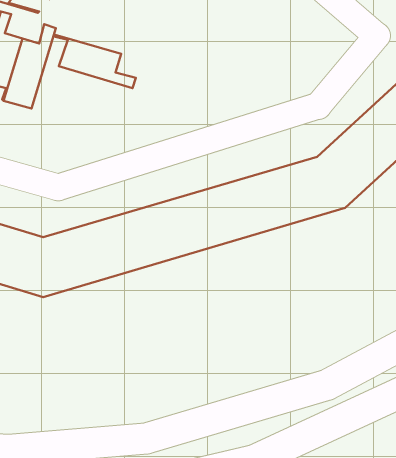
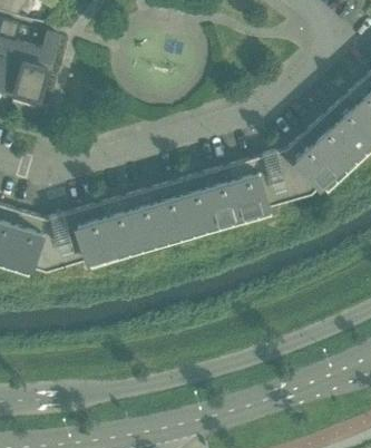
building: [55,35,136,88] -> none

